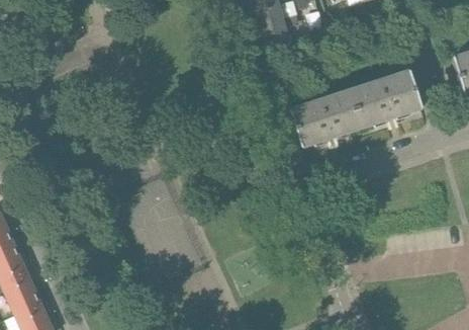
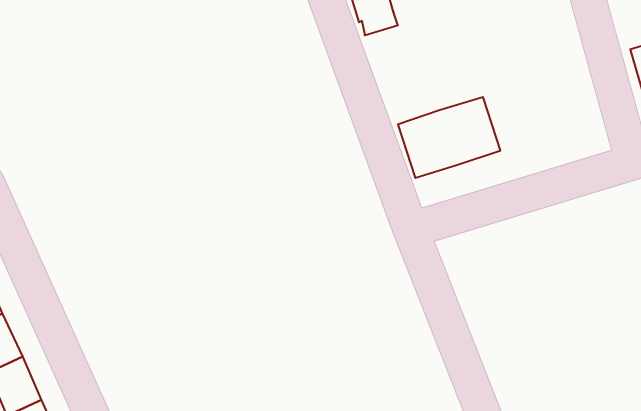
building: [350,70,423,128] -> none

